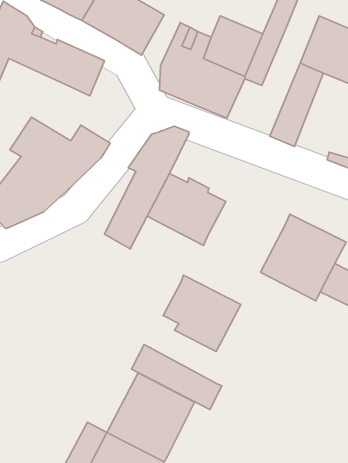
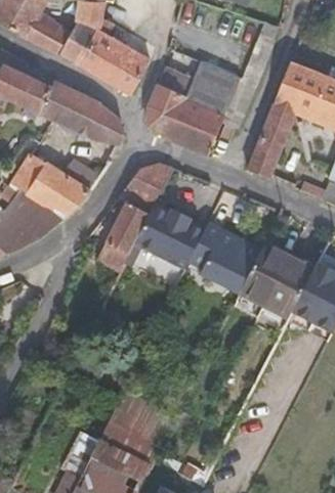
building: none -> [83,102,120,144]
building: [163,275,241,352] -> [191,224,261,294]
building: [131,345,222,410] -> none

